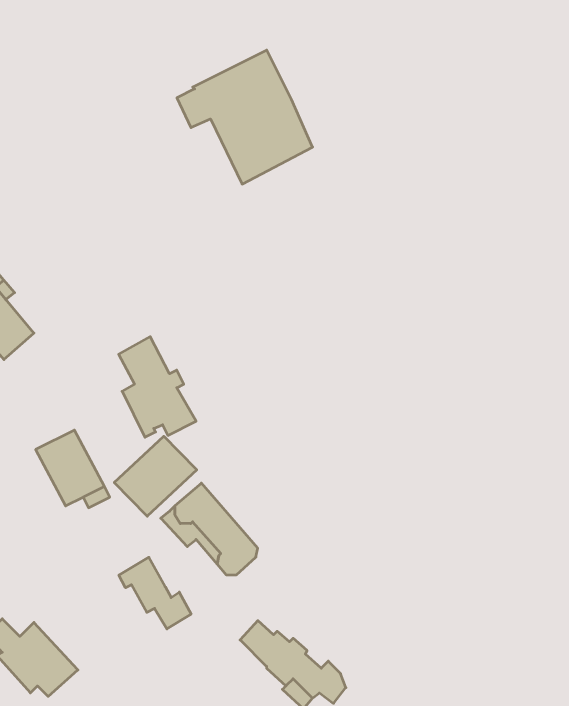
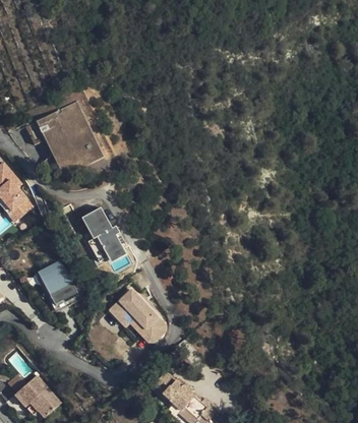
building: [177,50,313,184] -> [26,99,105,176]
building: [114,436,197,516] -> none
building: [119,557,191,629] -> none

